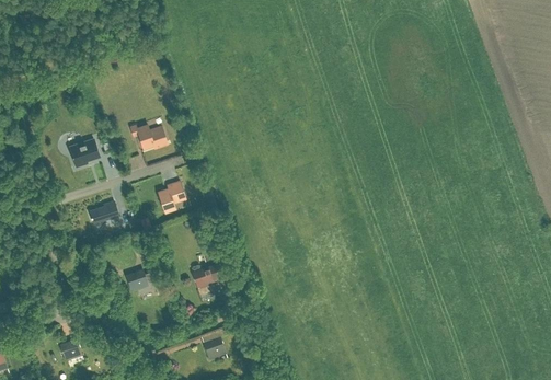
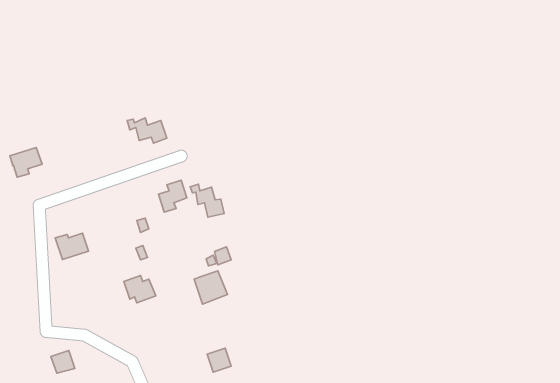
building: [69,140,99,168] -> [10,147,42,177]
building: none -> [190,184,224,217]
building: [90,204,120,228] -> [55,233,89,259]

